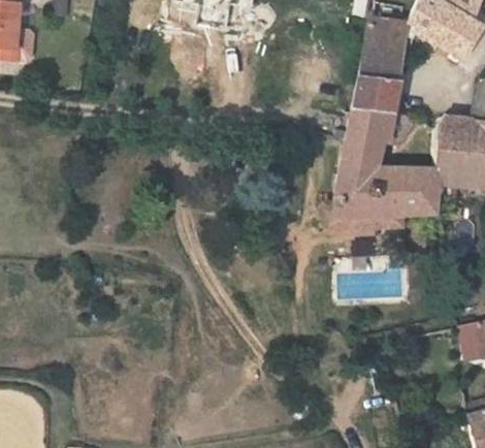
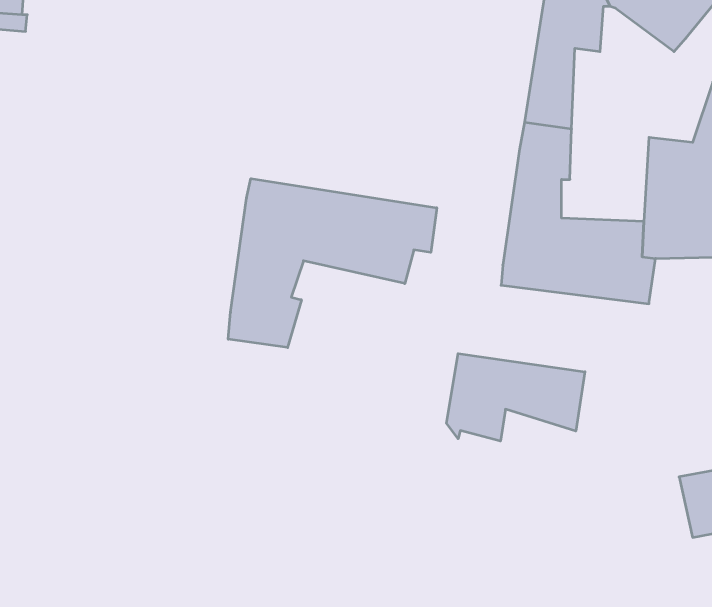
building: none -> [228,179,437,348]
building: none -> [446,354,585,441]

